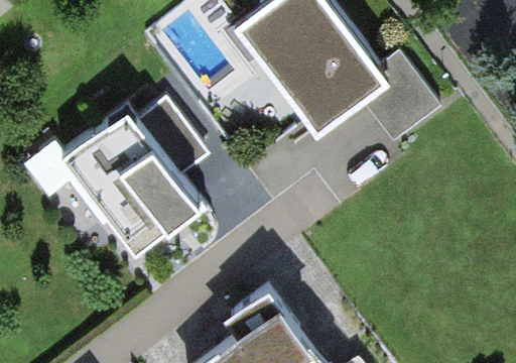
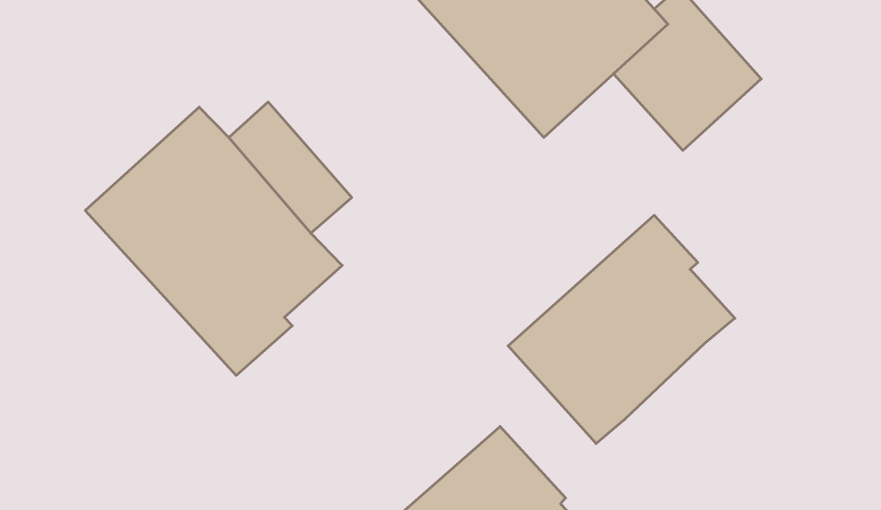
building: none -> [508,215,735,444]

